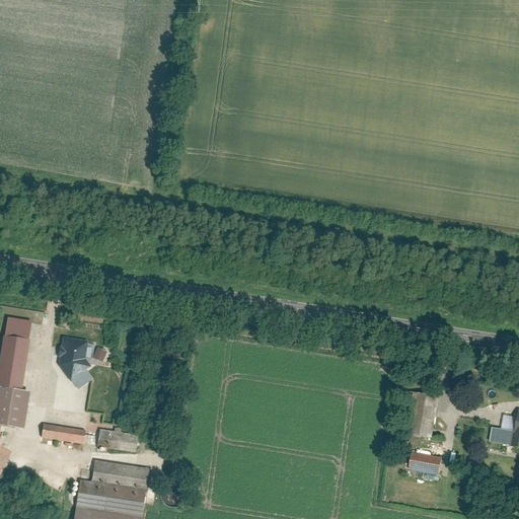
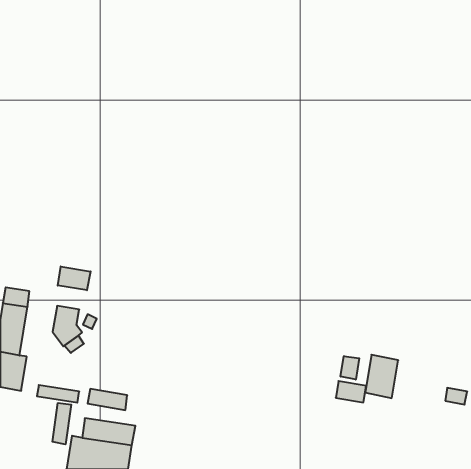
building: none -> [58,266,91,290]
building: none -> [341,356,359,380]
building: none -> [52,403,71,444]
building: [409,452,442,475] -> [336,381,366,402]

